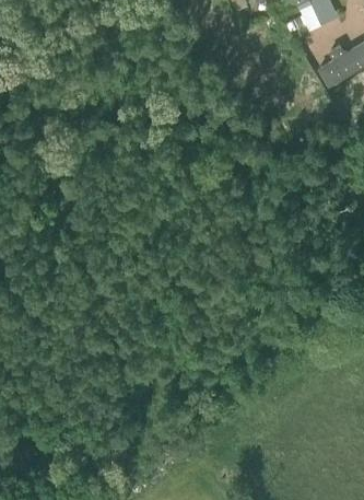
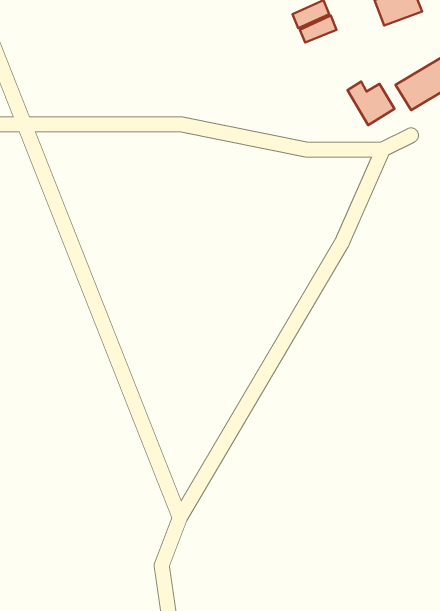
building: none -> [348,82,394,125]

